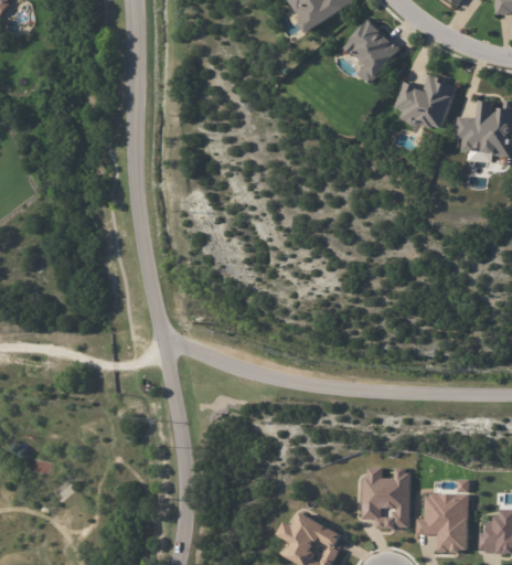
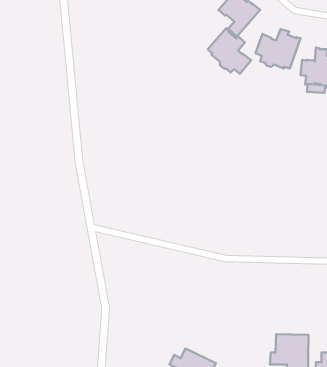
building: none -> [208,28,251,74]
building: [362,468,409,529] -> none

